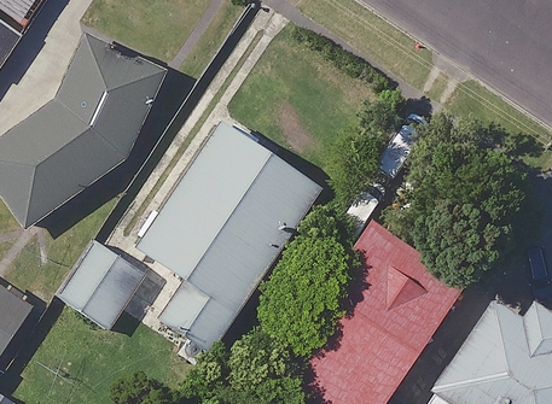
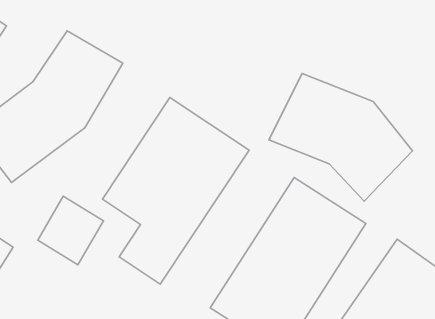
building: none -> [269,74,413,201]

